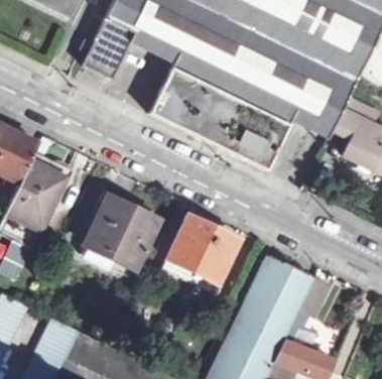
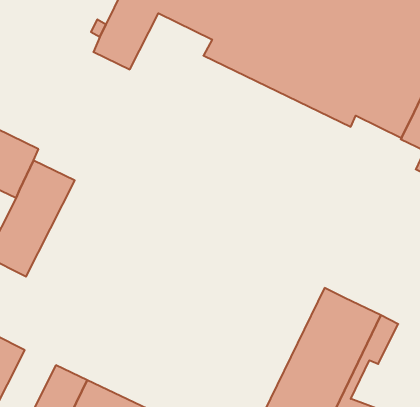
building: [150,67,291,169] -> none
building: [83,187,157,275] -> none
building: [168,215,239,281] -> none

